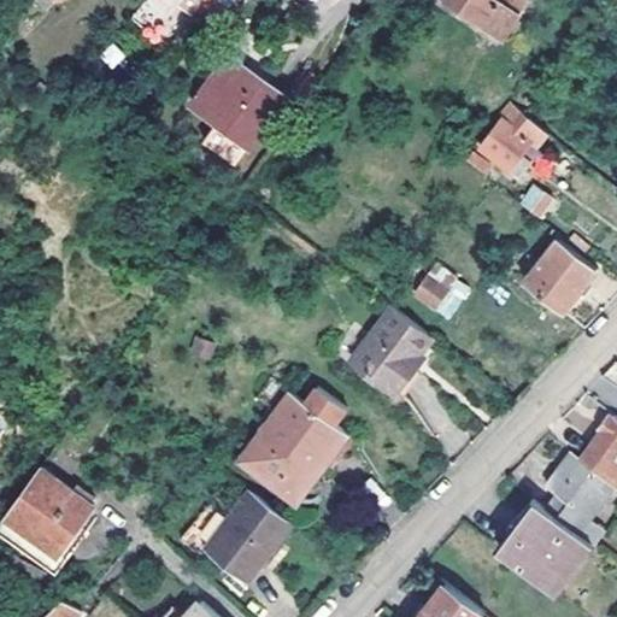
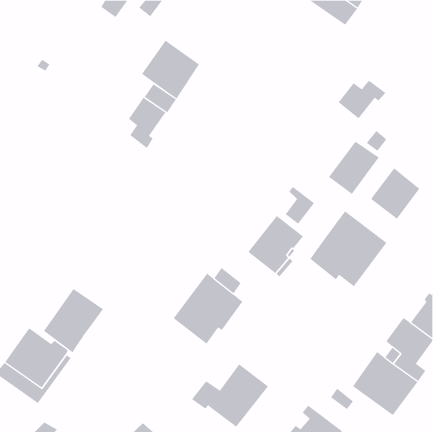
building: none -> [128,97,166,149]
building: none -> [328,141,380,195]
building: none -> [309,211,387,287]
building: none -> [43,288,104,353]
building: [182,489,292,580] -> [191,364,269,427]

